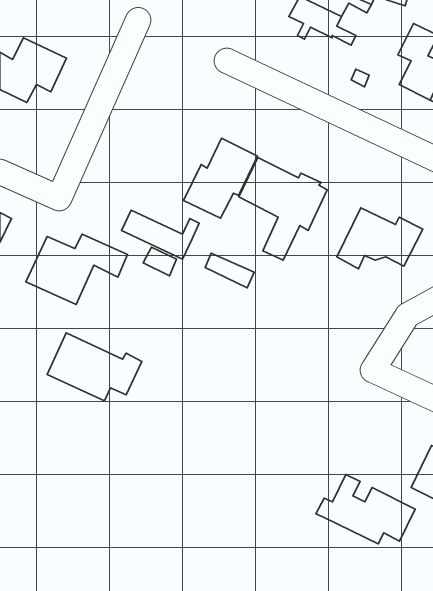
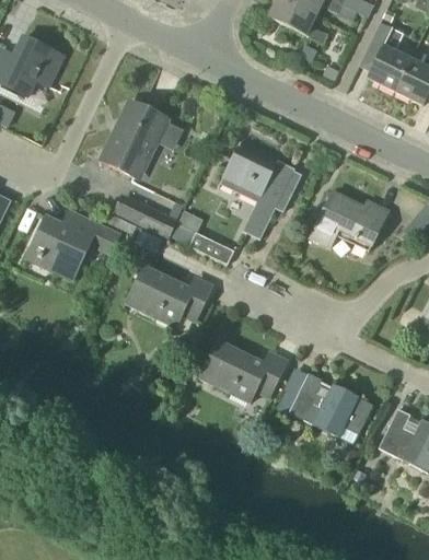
building: [183,138,258,218] -> [98,102,166,175]
building: [47,333,142,401] -> [124,264,210,326]
building: none -> [198,338,285,400]
building: [316,474,415,544] -> [280,372,371,435]

